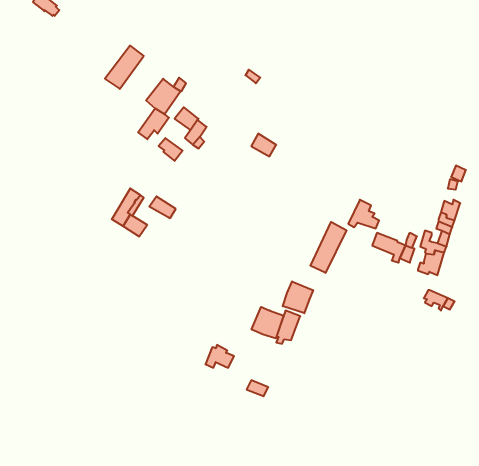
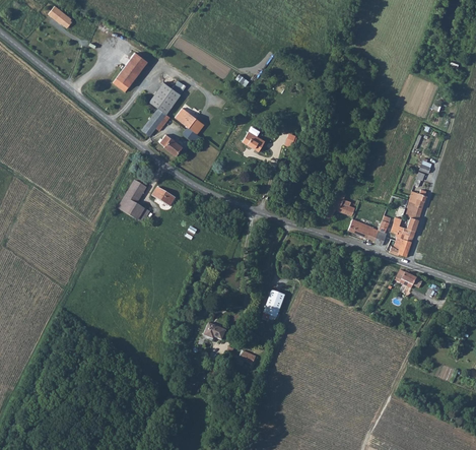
building: [310,222,346,273] -> none
building: [283,281,313,313] -> none
building: [252,307,283,338] -> none

